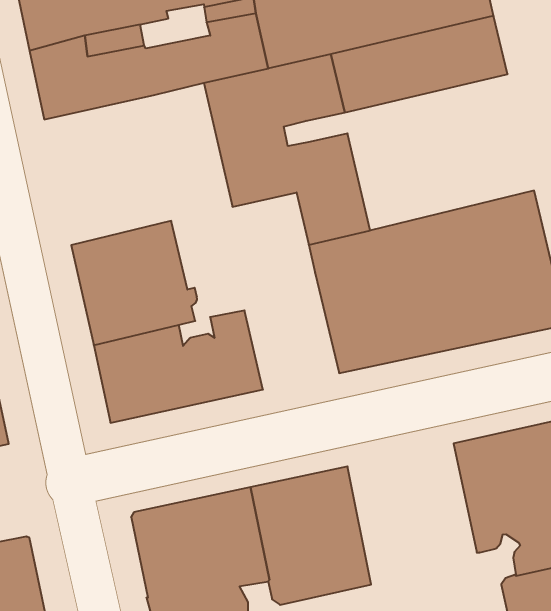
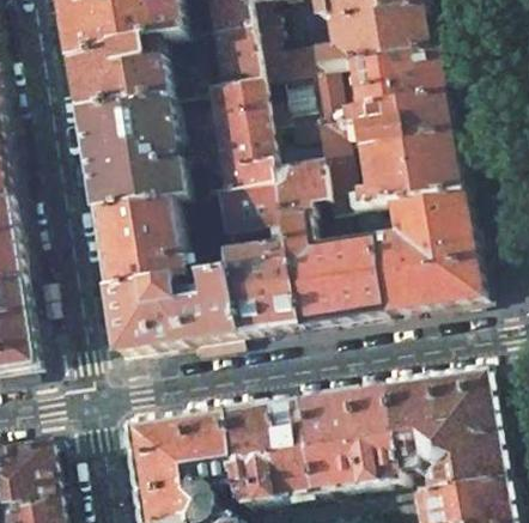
building: none -> [281,95,458,212]
building: none -> [74,95,180,209]
building: none -> [211,178,278,230]
building: none -> [220,243,296,333]
building: none -> [298,384,399,492]

